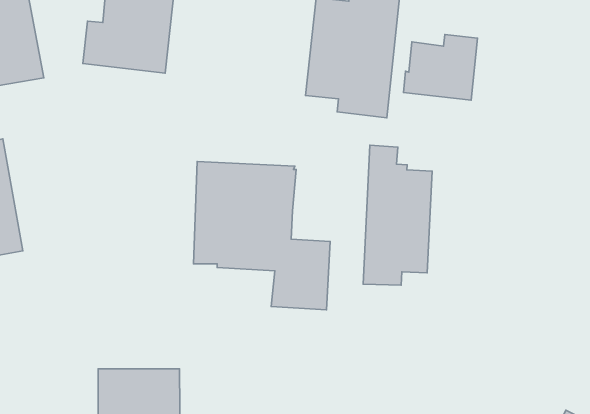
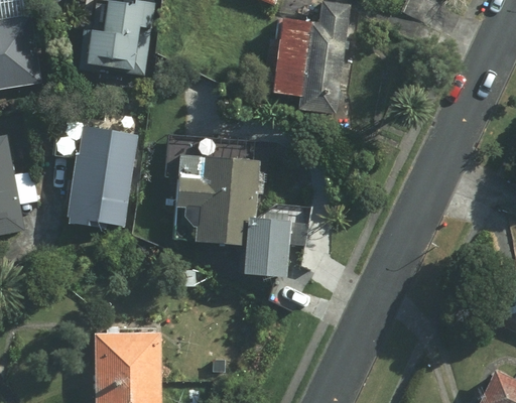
building: [403,35,477,100] -> none
building: none -> [69,126,137,228]
building: [363,145,432,285] -> none

